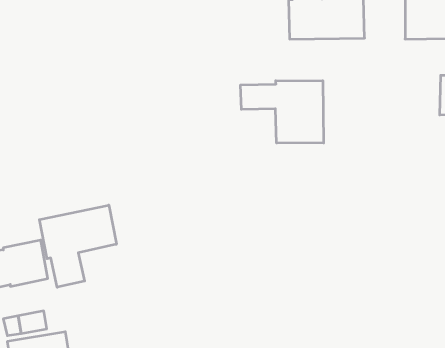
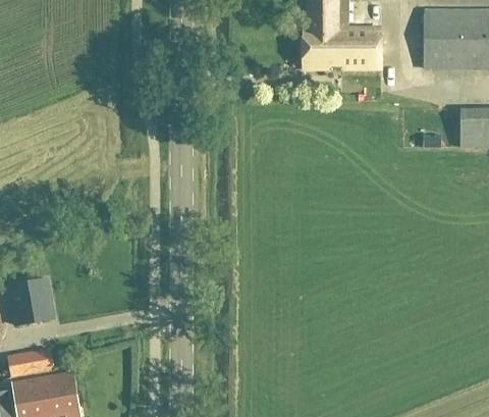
building: [241,81,324,143] -> none
building: [39,205,116,287] -> none

